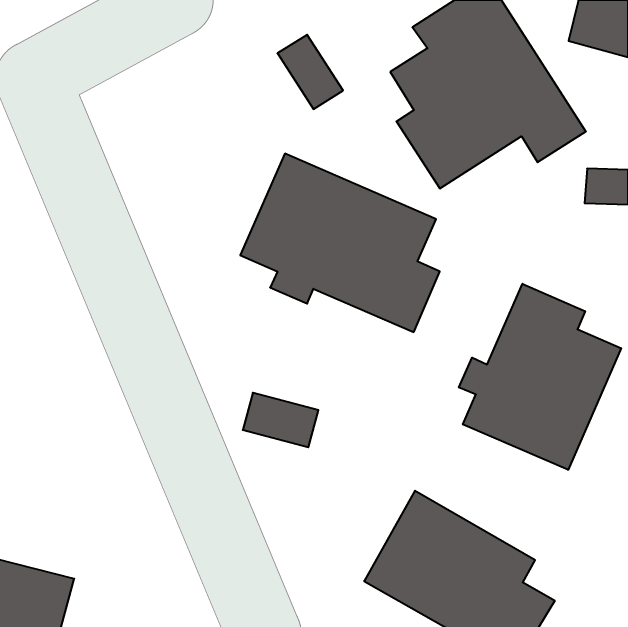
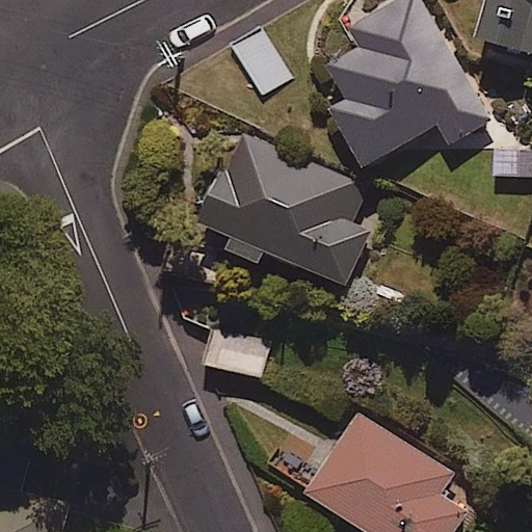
building: [459,284,621,470] -> none

